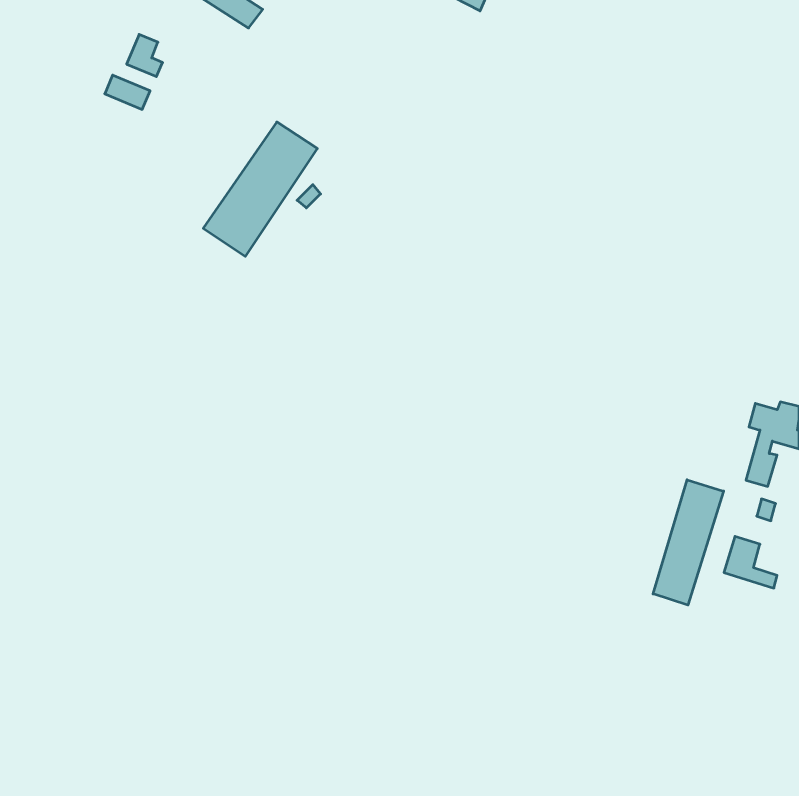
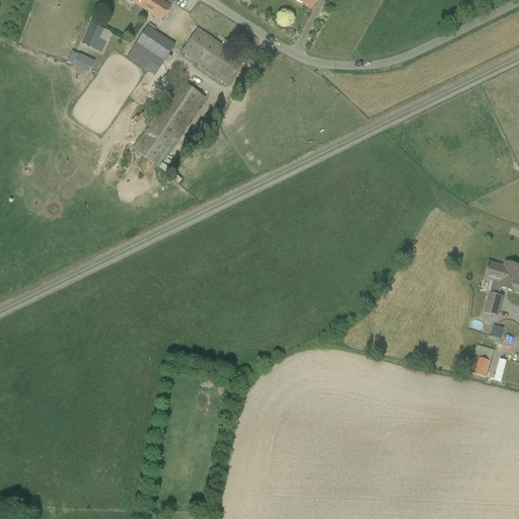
building: none -> [130,25,174,73]
building: none -> [181,26,244,83]
building: [653,480,724,605] -> none

